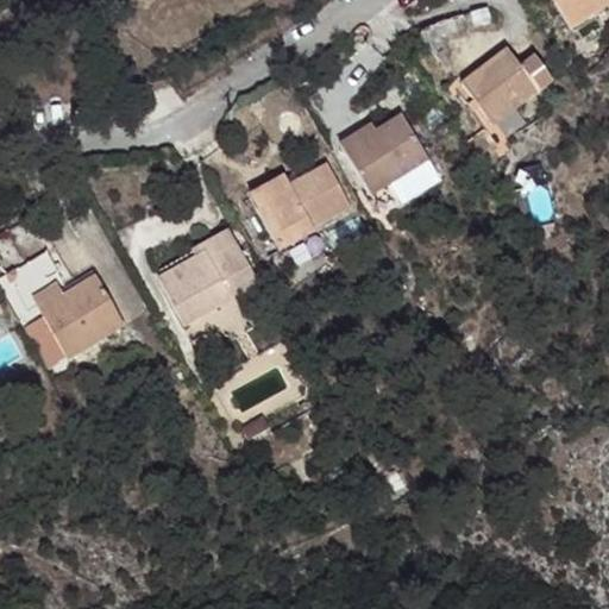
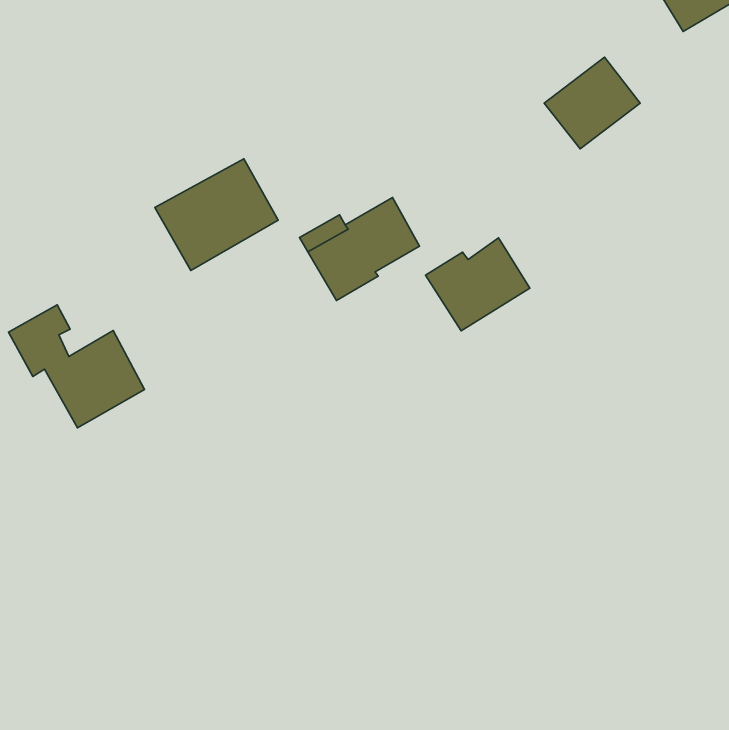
building: [343,115,429,193] -> [425,238,530,331]
building: [153,227,256,320] -> [155,159,278,270]

